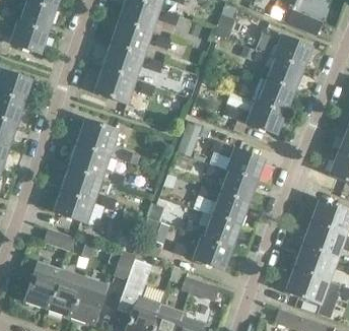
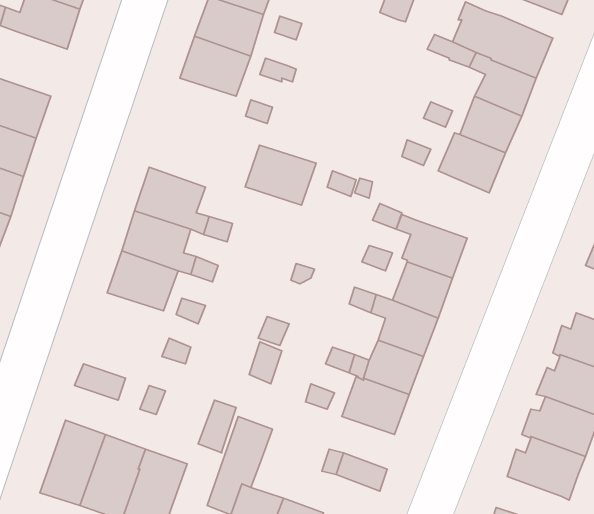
building: [94,69,134,103] -> [245,145,316,205]
building: [55,189,93,222] -> none

